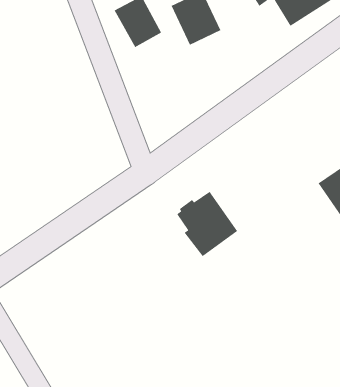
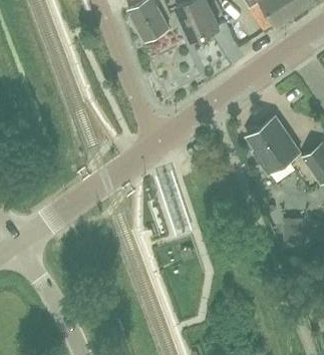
building: [177,191,238,257] -> [246,117,298,173]

